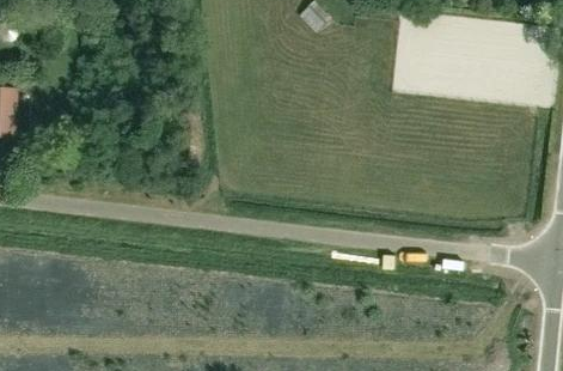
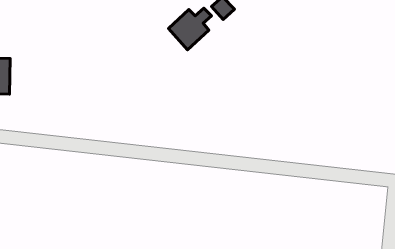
building: none -> [168,8,211,50]

